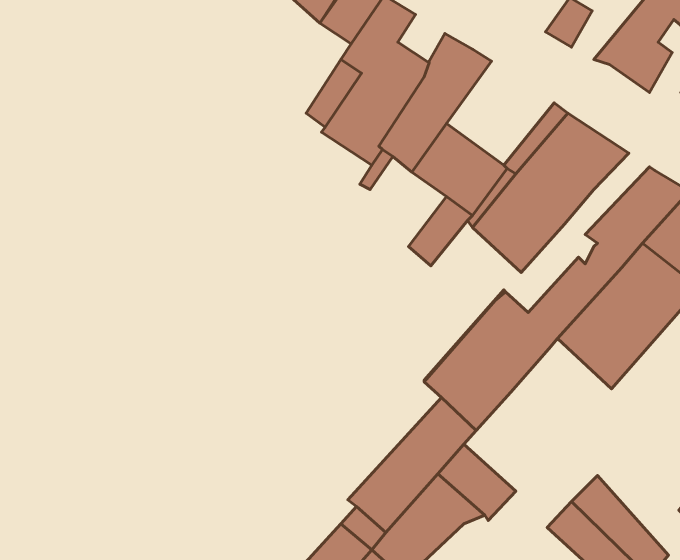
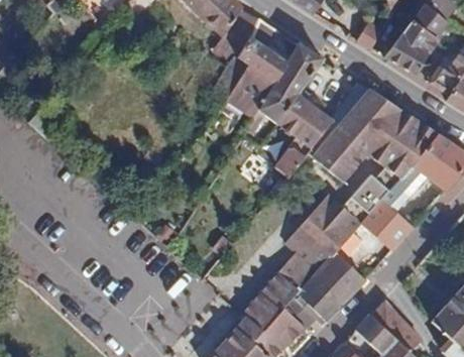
building: none -> [366,112,416,166]
building: none -> [308,251,365,309]

